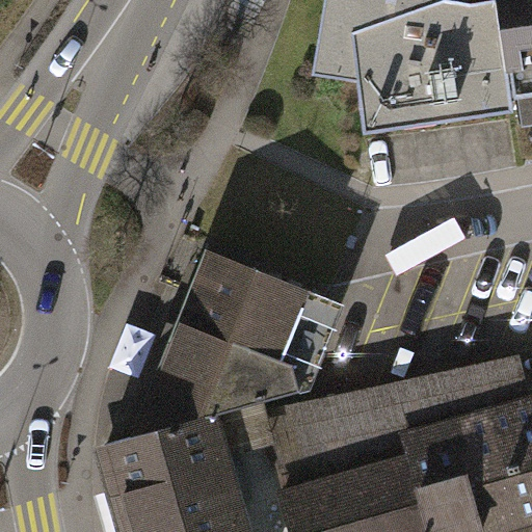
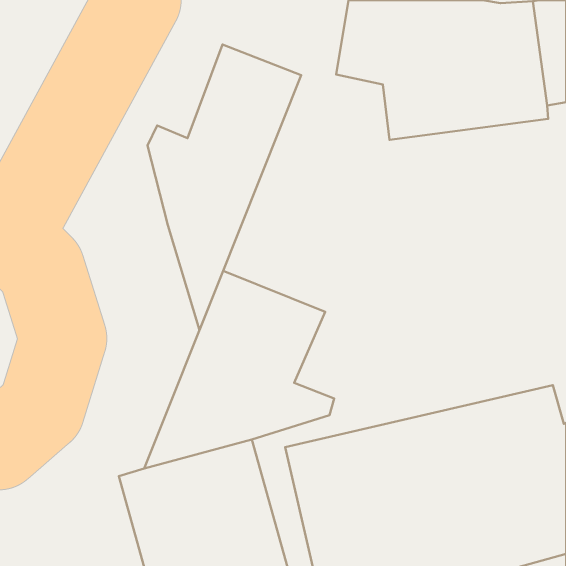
building: none -> [147,44,301,330]

